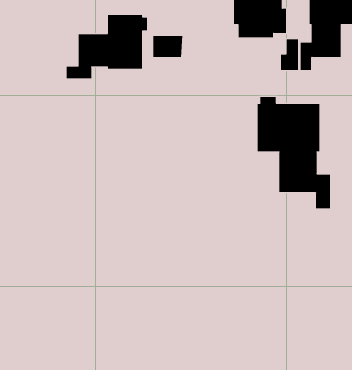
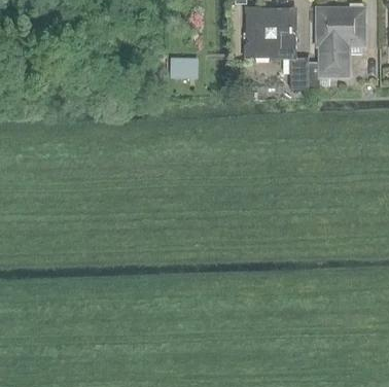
building: [66,14,147,79] -> none
building: [257,96,331,209] -> none

